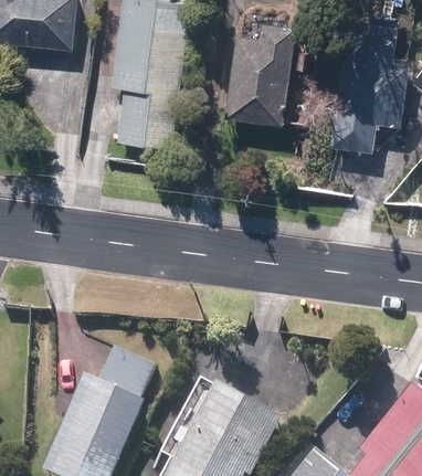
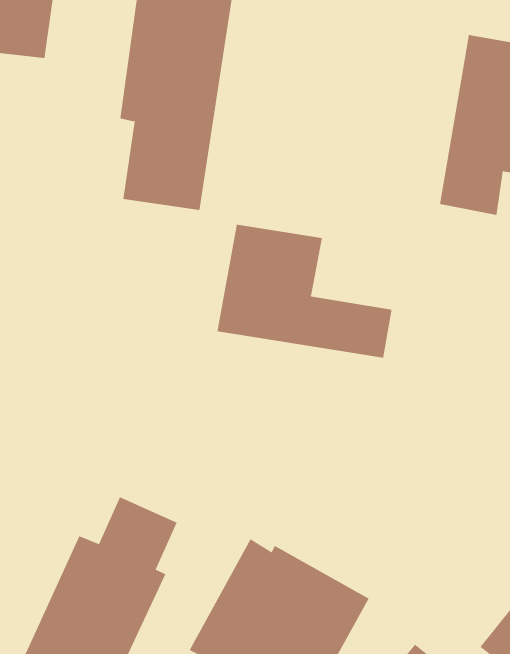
building: [224,24,296,126] -> none
building: none -> [217,224,392,359]

